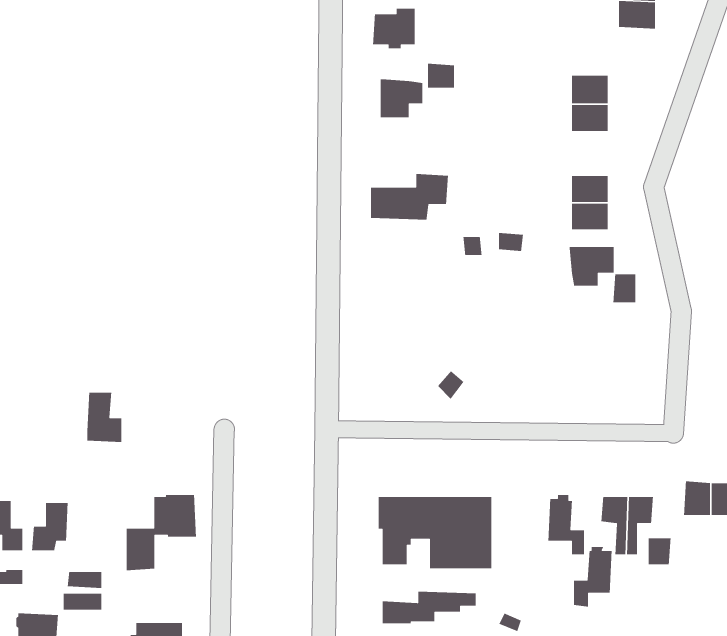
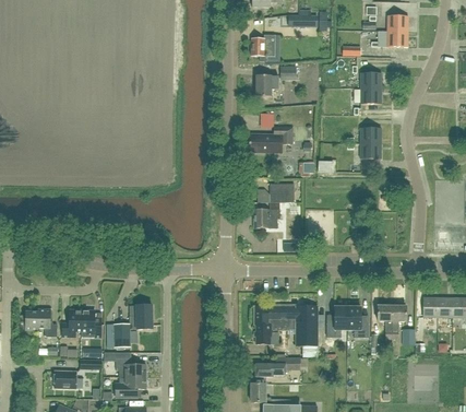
building: [569,246,614,286] -> none
building: none -> [253,184,294,228]
building: [87,392,122,443] -> [81,309,100,338]
building: [573,546,612,607] -> [326,305,348,339]
building: none -> [116,357,145,376]

